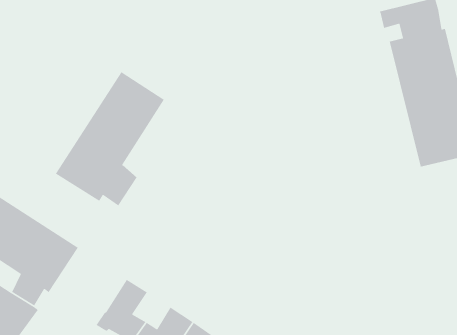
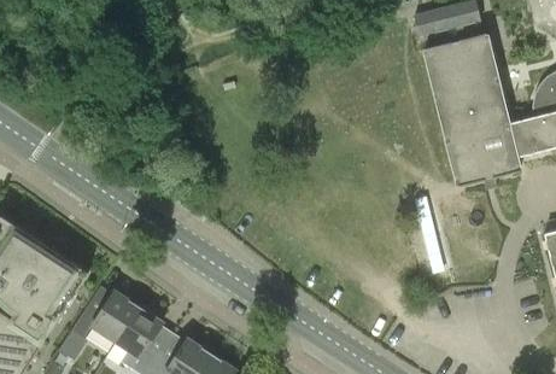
building: [55,71,165,206] -> none
building: none -> [71,291,140,344]

